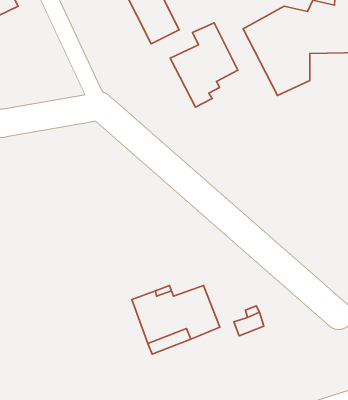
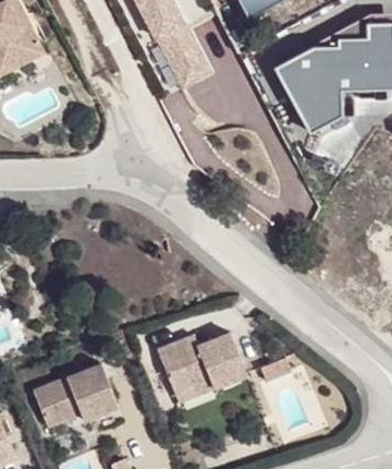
building: [170,23,238,107] -> none
building: none -> [36,363,118,424]

